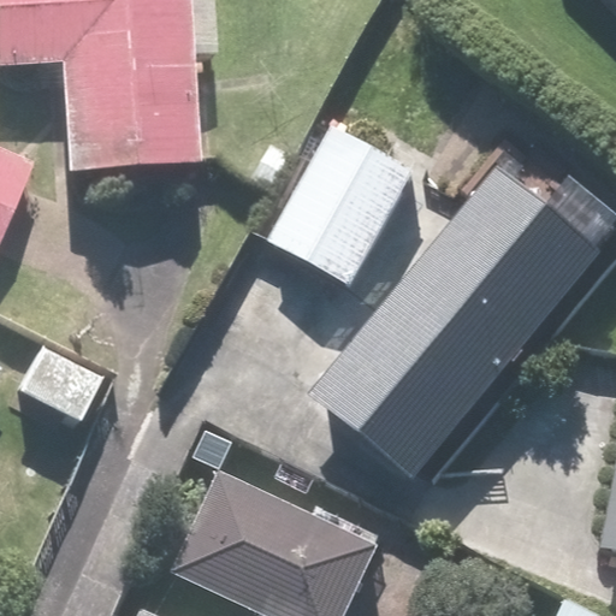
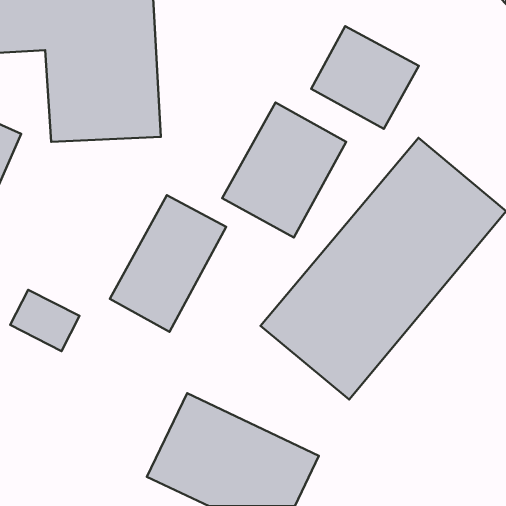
building: none -> [311,26,419,129]
building: none -> [110,195,226,332]

